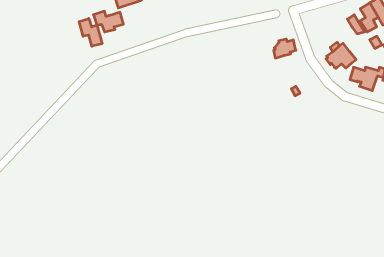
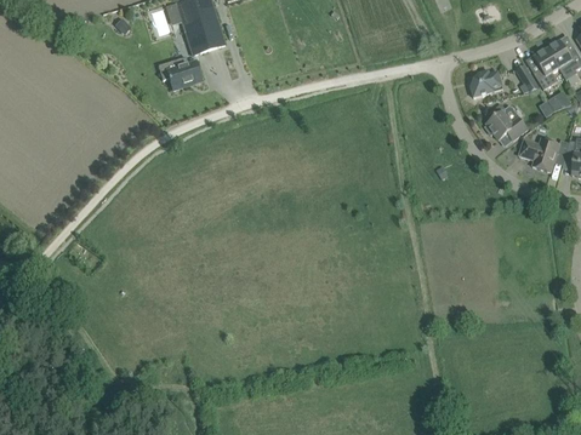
building: [79,18,102,46] -> none
building: [274,39,296,58] -> [471,70,502,97]

